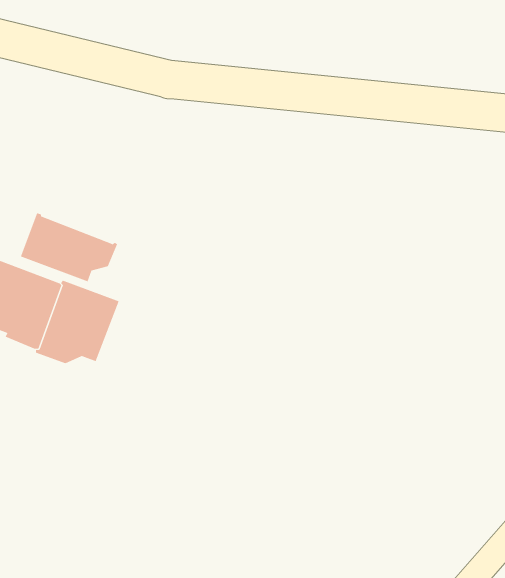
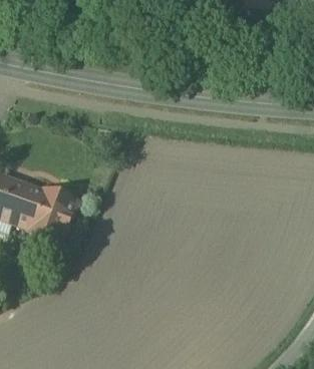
building: [20,213,118,282] -> none

